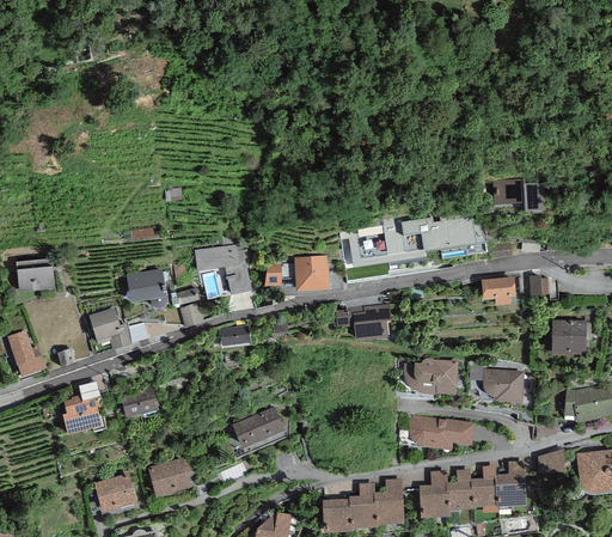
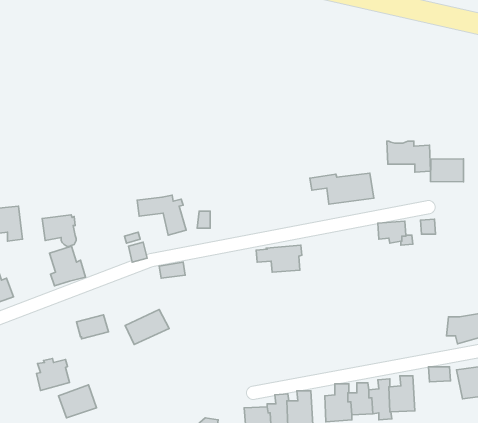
building: none -> [430,159,464,182]
building: [294,256,329,291] -> none
building: [127,269,167,307] -> [42,215,76,247]
building: [552,319,586,356] -> none
building: [403,359,458,393] -> none
building: [482,370,525,401] -> none
building: [62,395,102,433] -> [36,359,69,391]
building: [238,409,290,451] -> [125,310,169,344]
building: [412,420,479,451] -> none
building: [155,457,202,498] -> none

